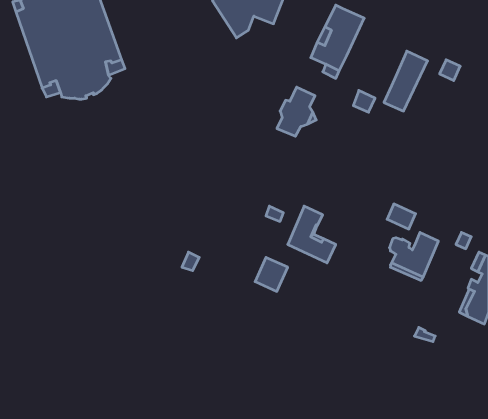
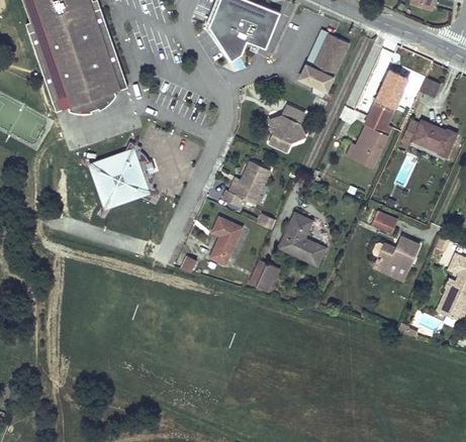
building: none -> [349,118,388,168]
building: none -> [402,121,455,155]
building: none -> [90,143,155,208]
building: none -> [221,159,269,205]
building: none -> [209,217,242,264]

